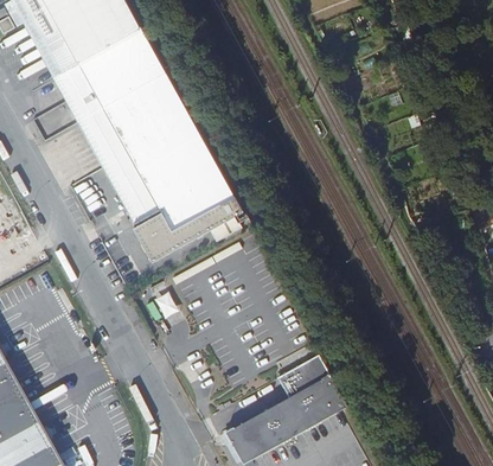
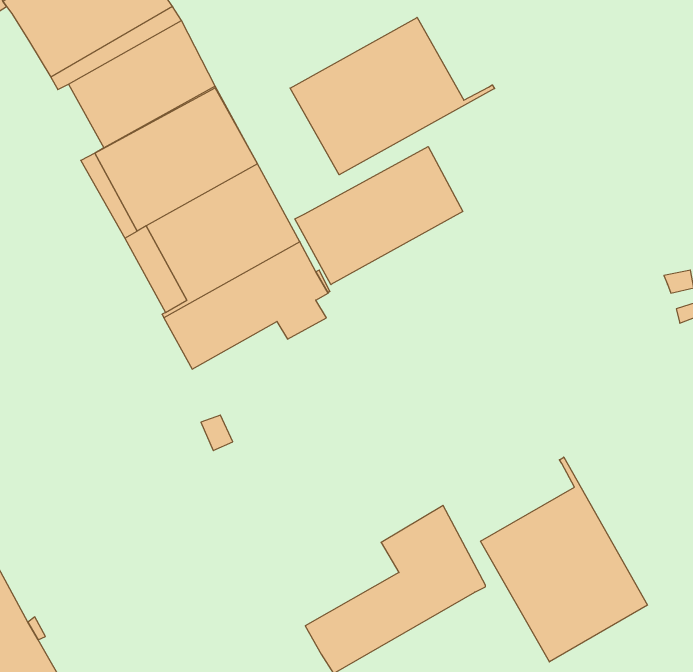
building: none -> [290,17,495,175]
building: [51,69,90,120] -> none
building: none -> [295,147,463,285]
building: none -> [481,457,647,662]

